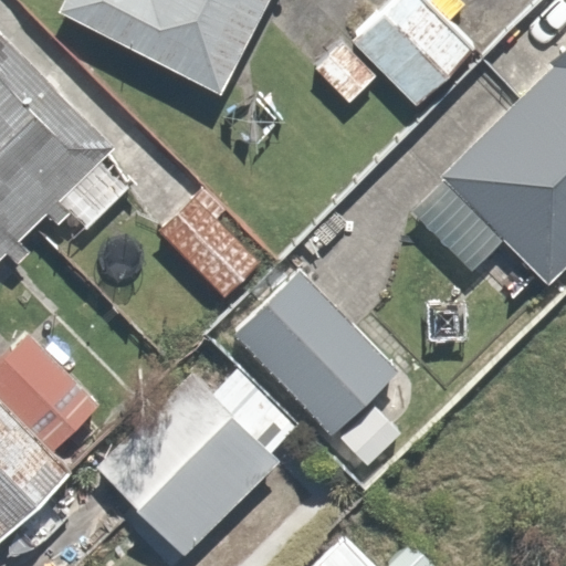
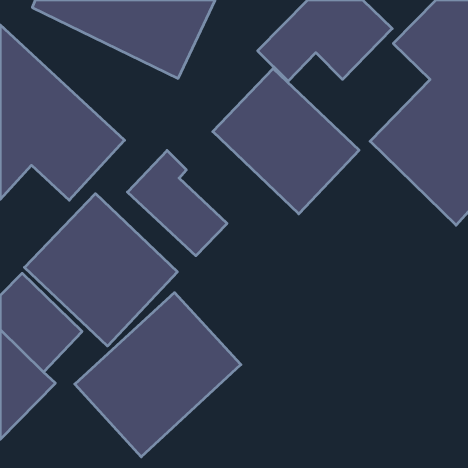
building: none -> [213,68,359,214]
building: none -> [24,194,177,346]
building: [227,274,392,443] -> none

